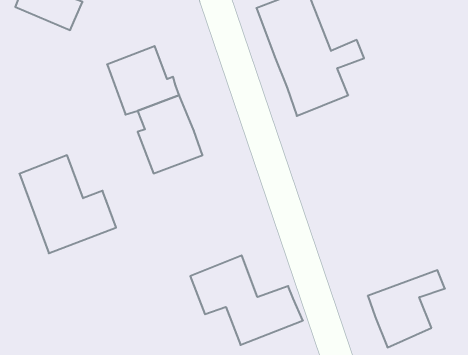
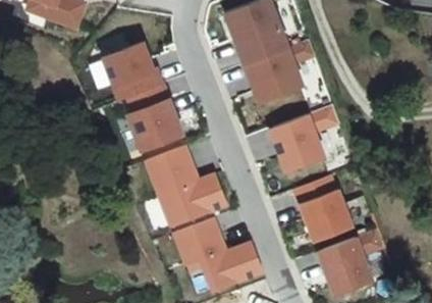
building: none -> [270,103,340,169]
building: [19,155,116,253] -> [146,145,226,226]
building: none -> [296,173,360,242]

